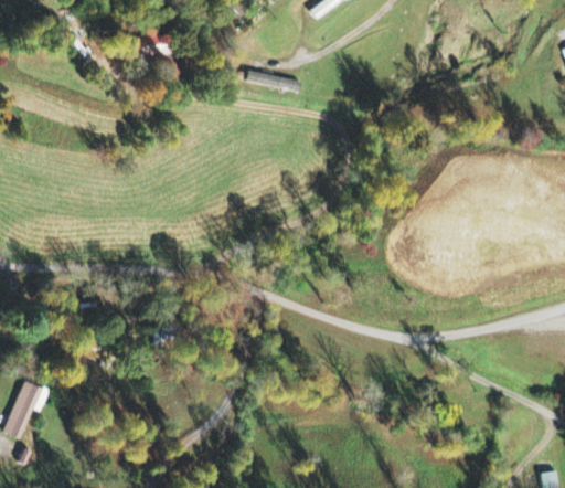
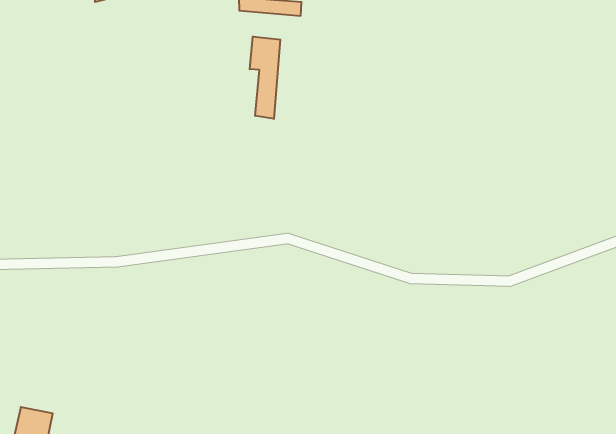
building: none -> [250,36,280,119]

